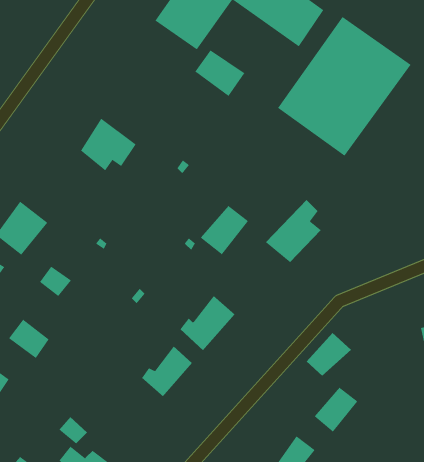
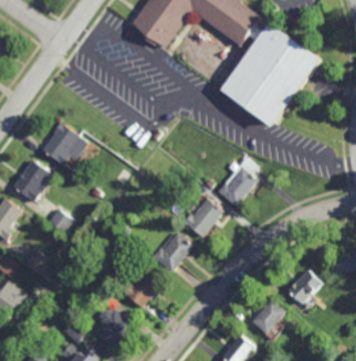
building: [195,49,245,97] -> none
building: [80,118,136,171] -> [44,123,86,162]
building: [200,205,249,255] -> [186,200,222,237]
building: [306,332,352,376] -> [287,270,322,304]
building: none -> [93,308,132,347]

